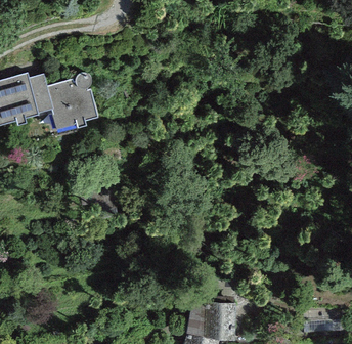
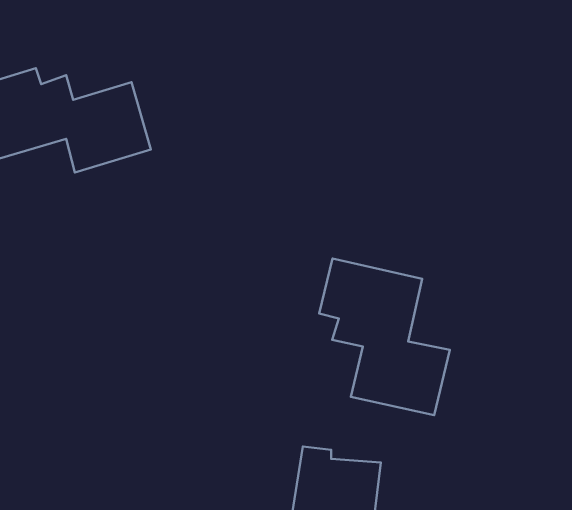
building: none -> [319,259,450,415]

